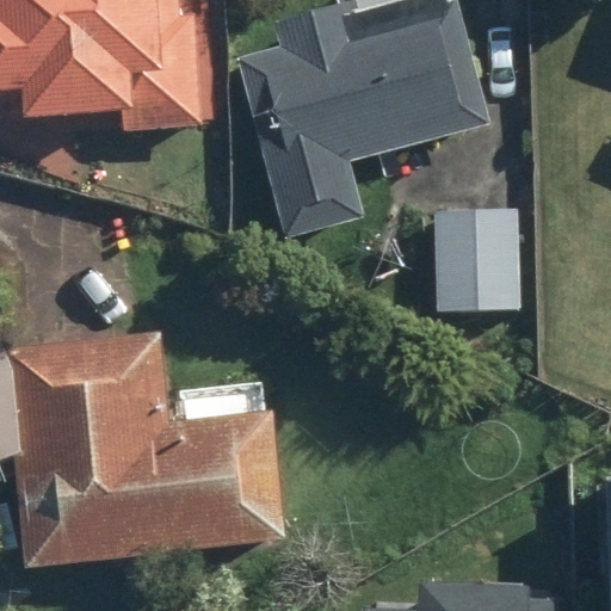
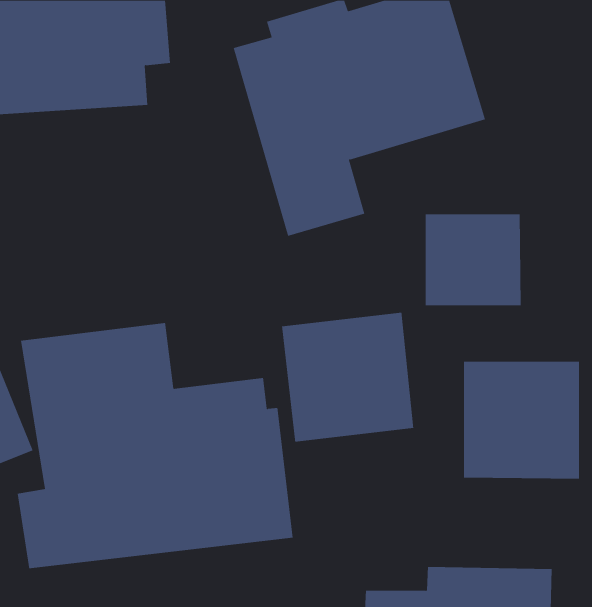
building: none -> [281,312,414,442]
building: none -> [464,361,579,479]

